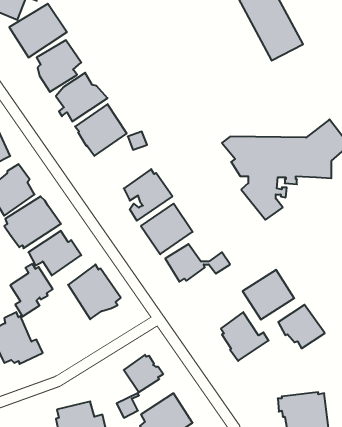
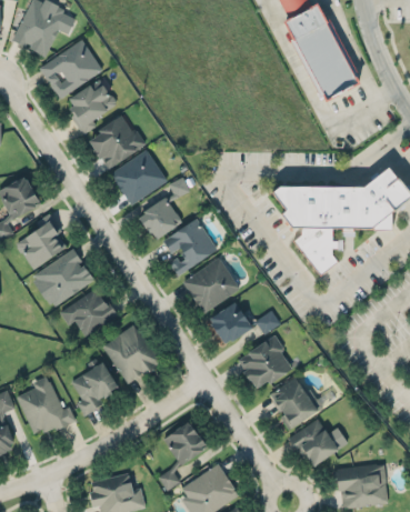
building: none -> [139,200,181,241]
building: [10,264,53,317] -> [71,359,118,416]
building: [243,270,294,320] -> [237,338,293,392]
building: [278,305,325,348] -> [289,419,340,466]

